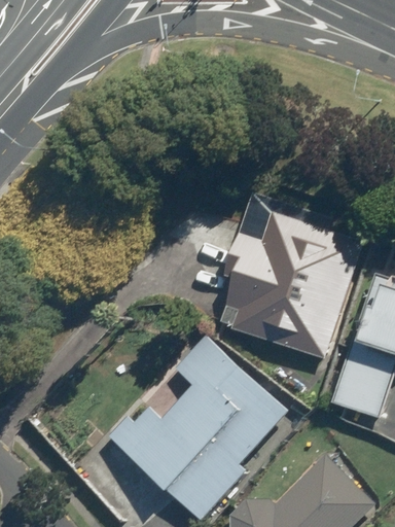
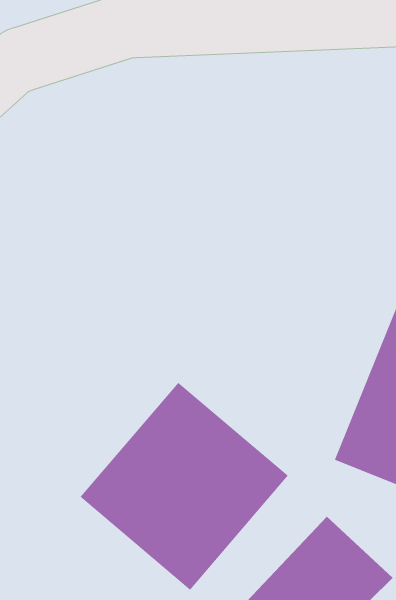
building: [222,210,360,358] -> none

